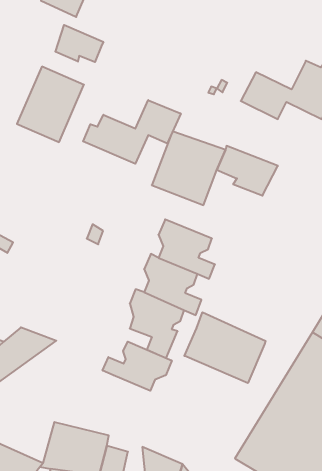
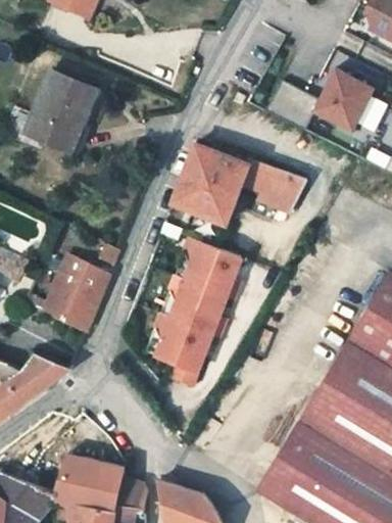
building: [55,25,103,62] -> none
building: [83,100,181,164] -> none
building: none -> [44,254,110,331]
building: [184,312,266,383] -> none
building: [103,342,172,391] -> none

